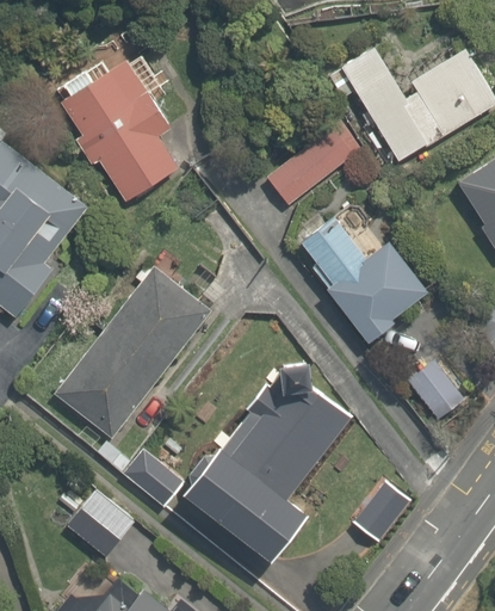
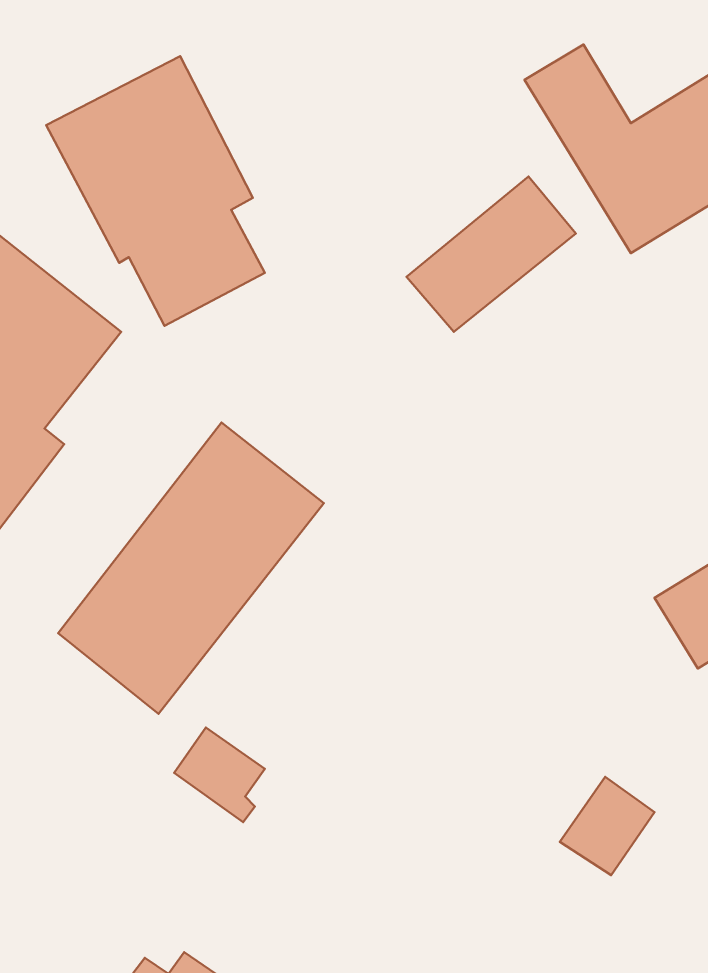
building: [286,210,429,345] -> none
building: [182,366,347,561] -> none
building: [70,489,137,558] -> none

